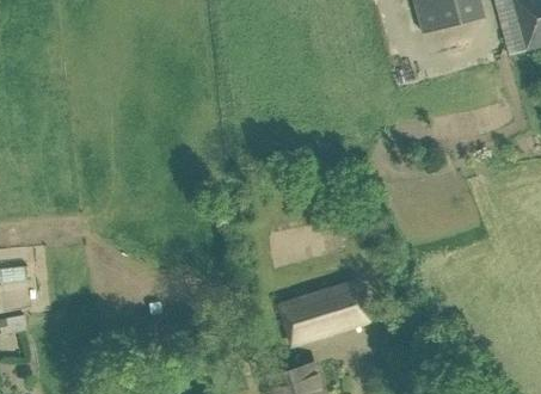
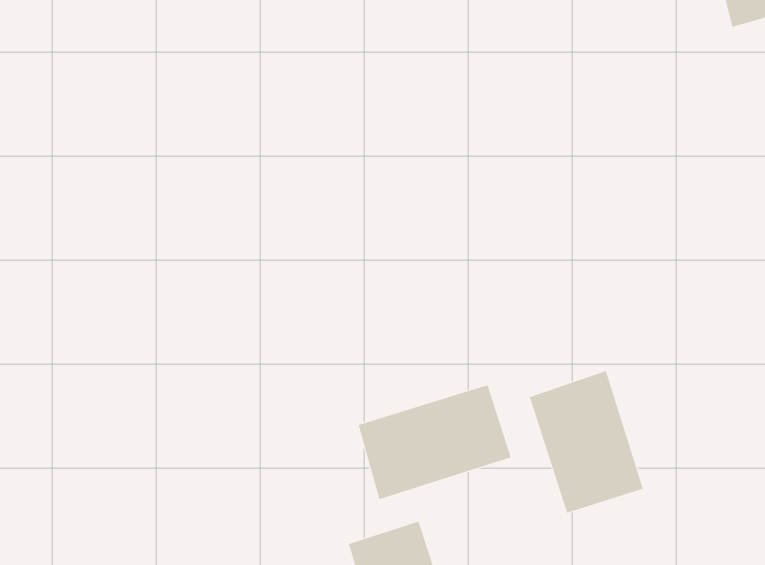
building: none -> [529,370,643,514]

